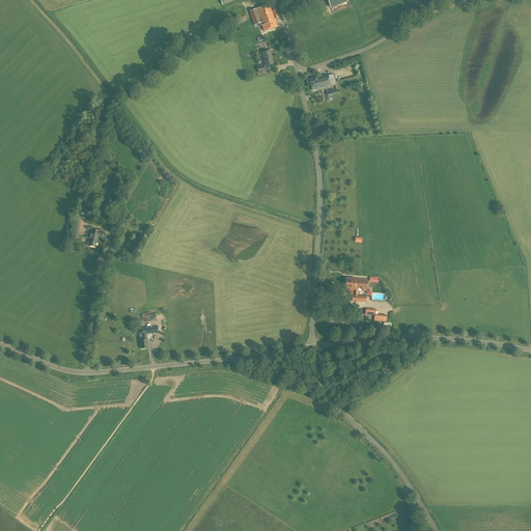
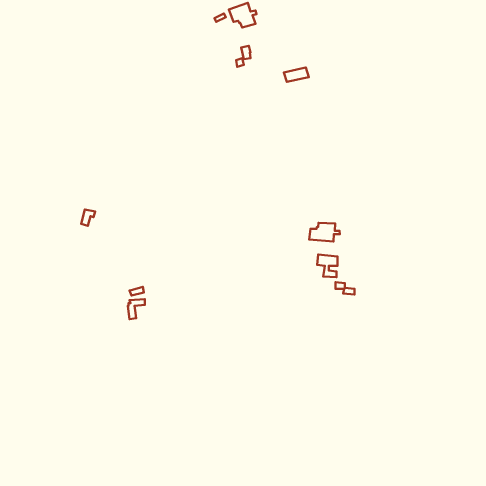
building: none -> [309,223,340,242]

